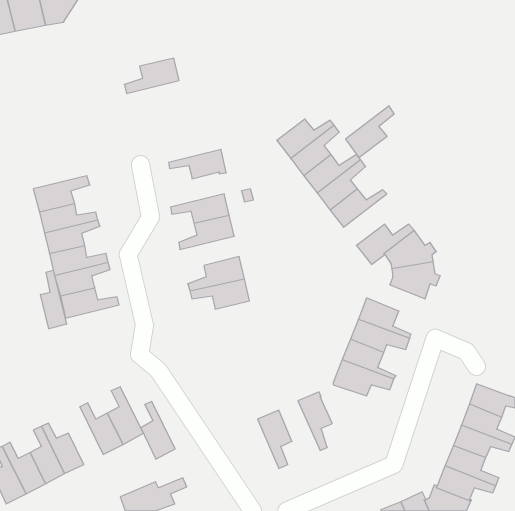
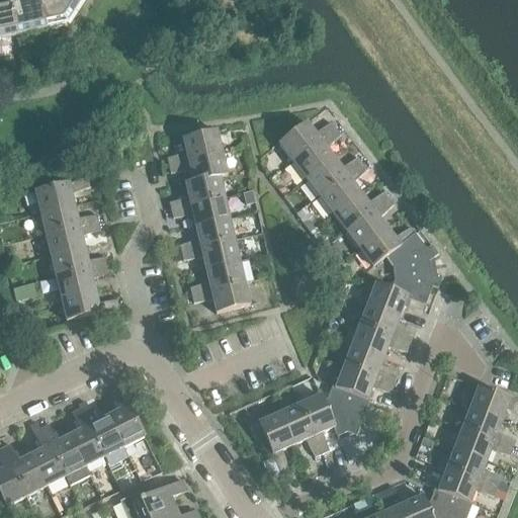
building: [124,58,179,94] -> [167,127,222,163]
building: [346,106,394,157] -> [344,194,393,246]
building: none -> [169,172,225,207]
building: none -> [180,237,240,266]
building: [41,270,66,329] -> none
building: none -> [367,281,426,312]
building: none -> [321,382,370,438]
building: none -> [279,402,321,454]
building: [141,402,175,459] -> [69,408,103,465]

